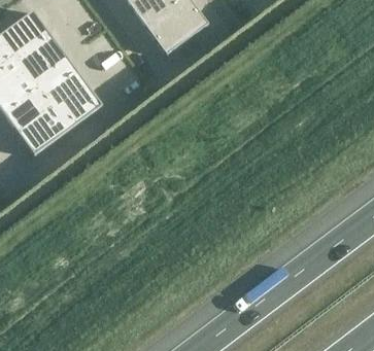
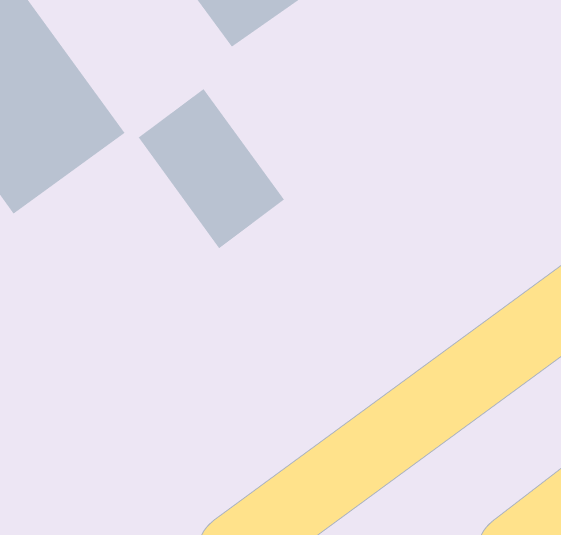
building: none -> [138,88,285,249]

